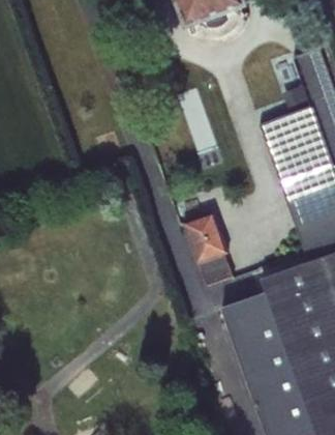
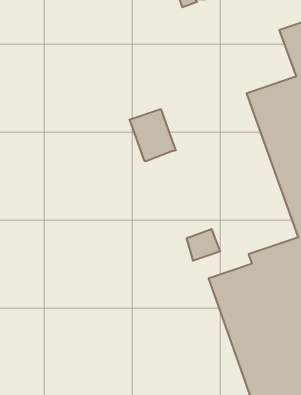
building: [184,213,230,264] -> [129,109,176,161]

